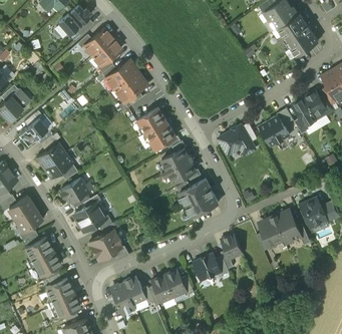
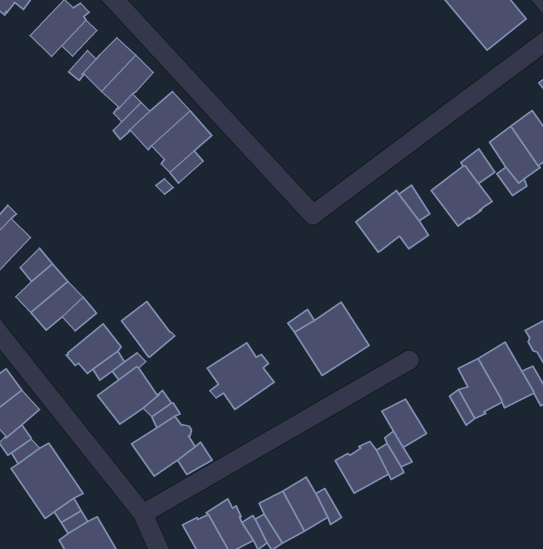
building: [137,108,176,149] -> none
building: [161,148,196,183] -> [207,343,274,409]
building: none -> [121,302,175,357]

